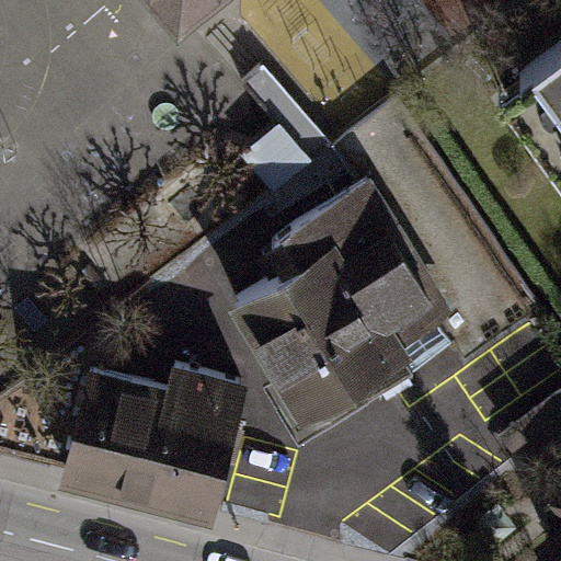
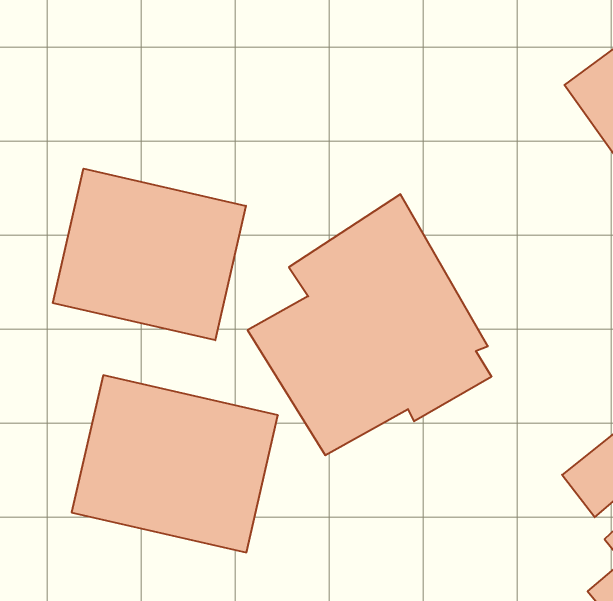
building: none -> [53,169,246,340]

